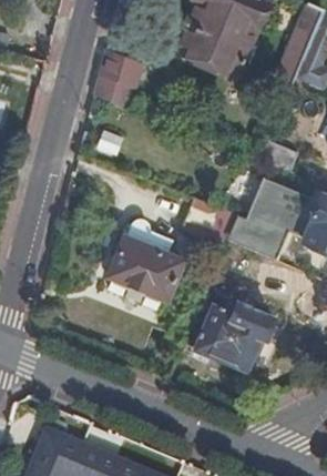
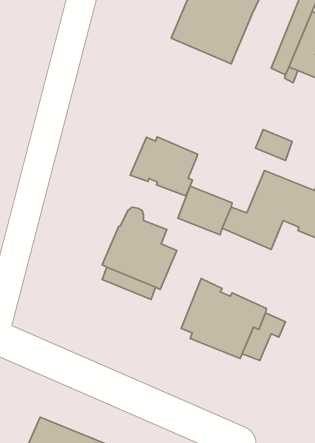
building: [95,51,143,108] -> none
building: none -> [130,137,198,196]

